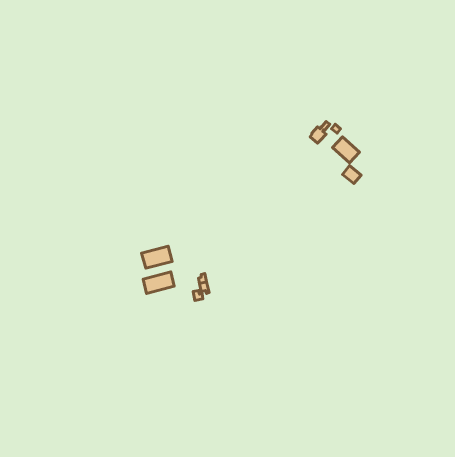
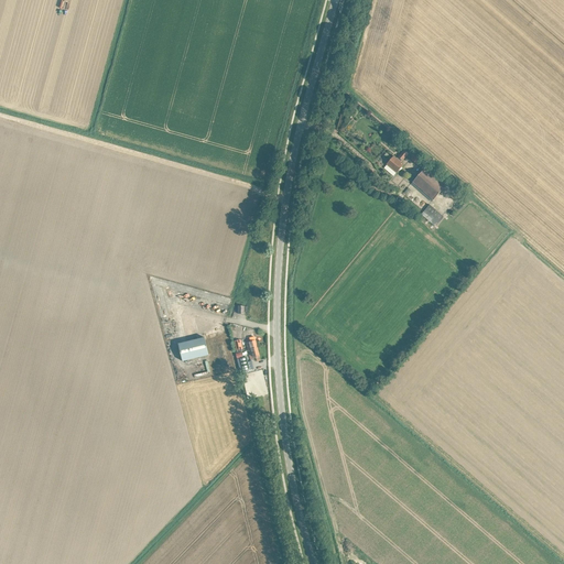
building: [142,246,172,268] -> none

